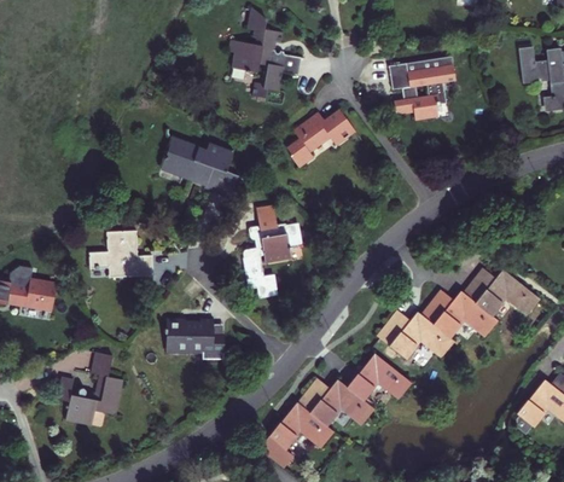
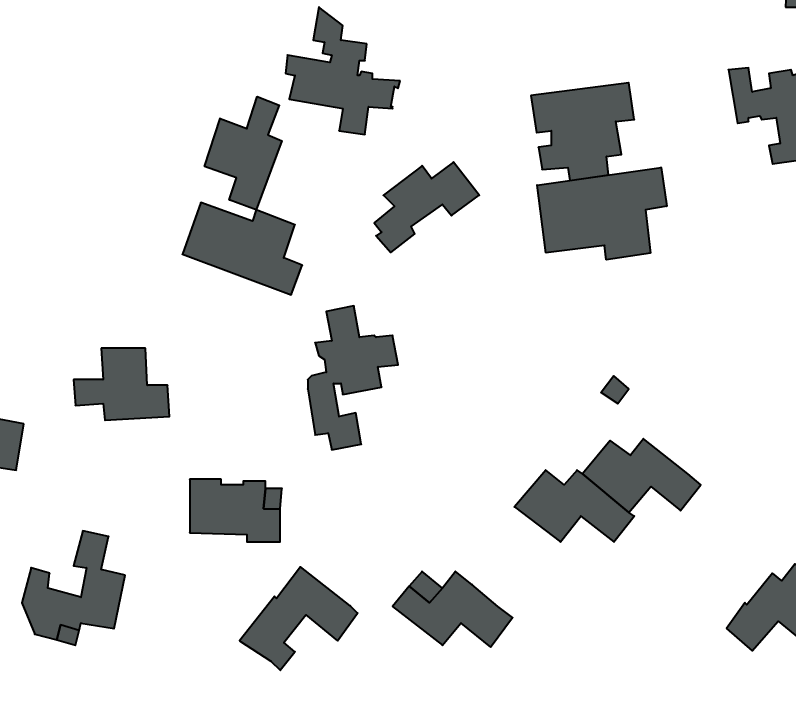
building: none -> [205,97,282,210]
building: none -> [537,167,667,260]
building: [463,266,539,314] -> none
building: [350,353,415,401] -> none
building: [258,401,336,469] -> [240,567,358,670]

